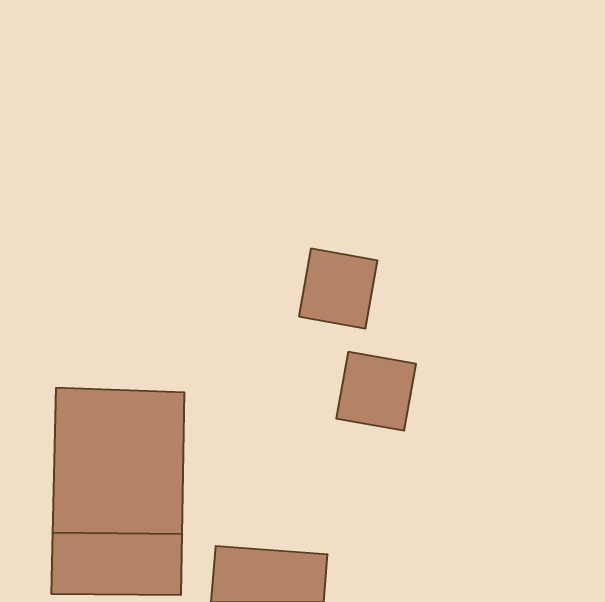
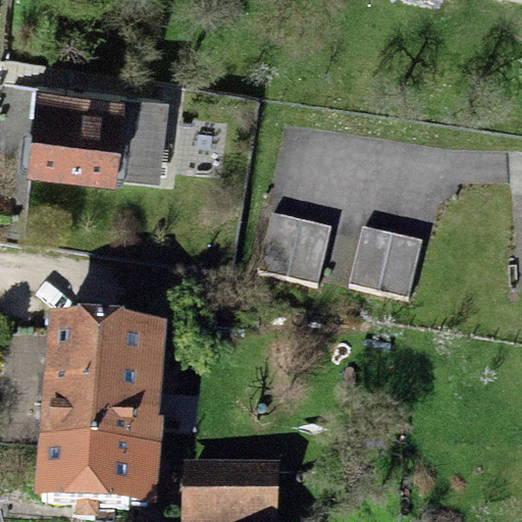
building: none -> [28,83,173,175]
building: [336,352,416,431] -> [351,226,419,294]

